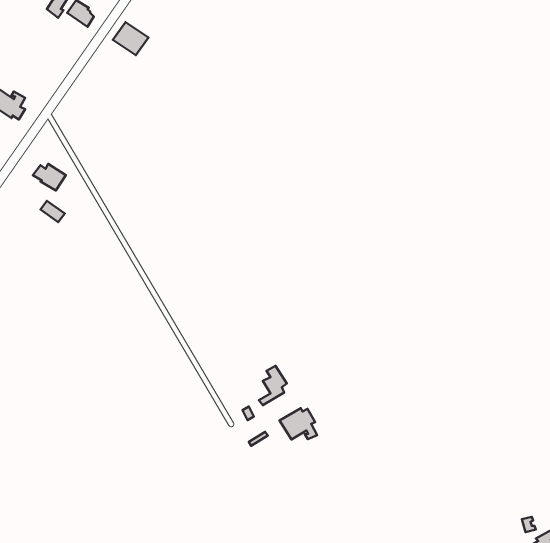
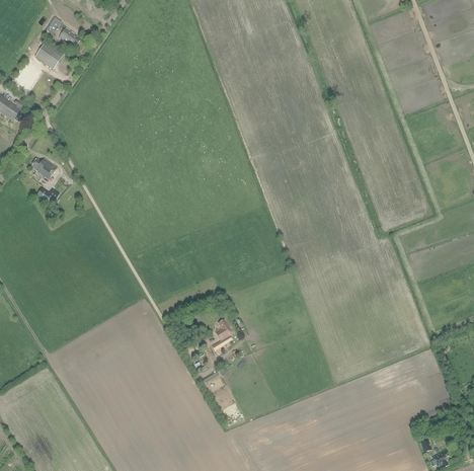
building: [113,22,148,55] -> [34,42,63,68]
building: [280,408,317,439] -> none

